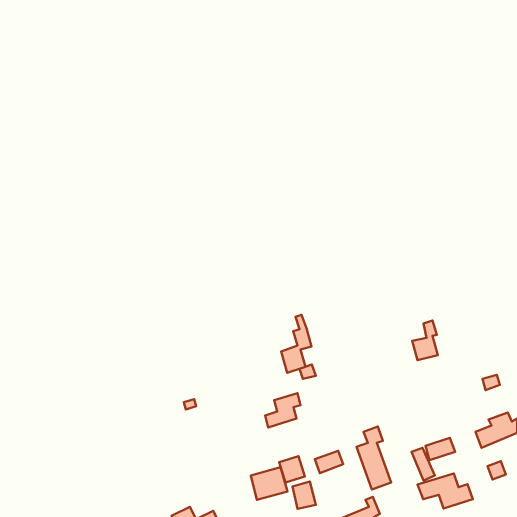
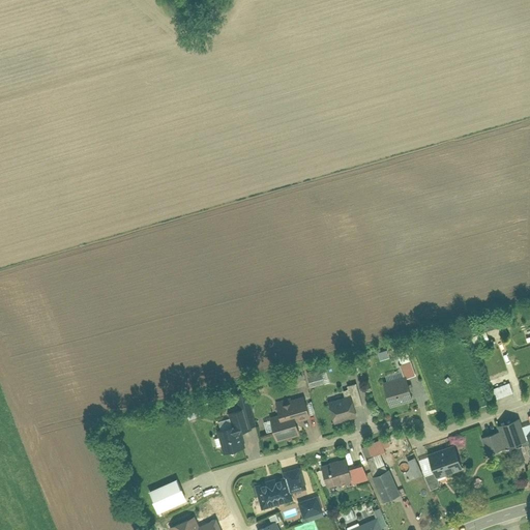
building: [281,315,312,373] -> [216,395,247,454]
building: [412,321,438,360] -> [384,366,410,407]
building: none -> [329,386,357,421]
building: none -> [147,480,183,513]
building: [418,473,473,509] -> none

